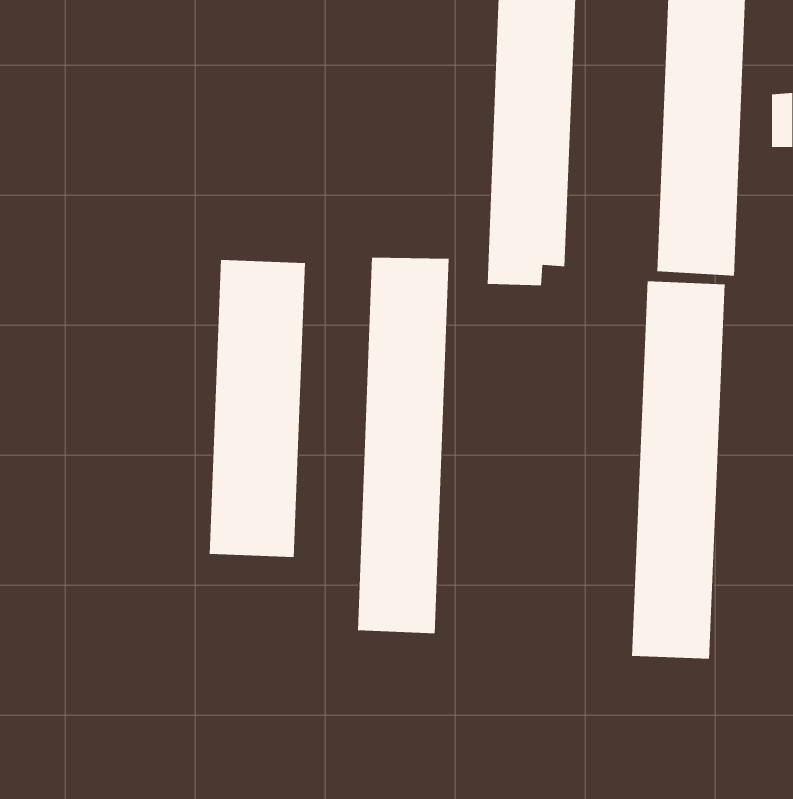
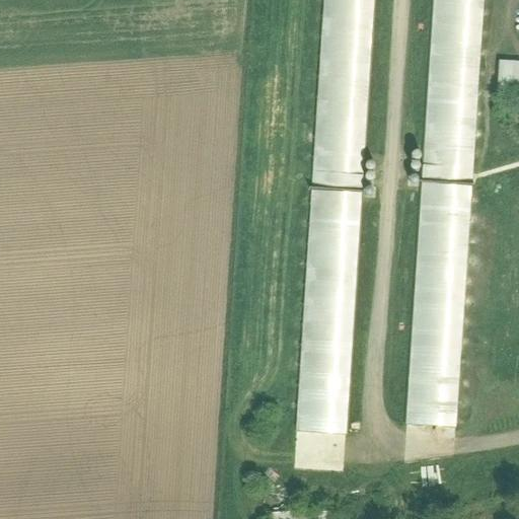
building: [357,257,450,634] -> [298,189,358,432]
building: [209,259,305,558] -> none

